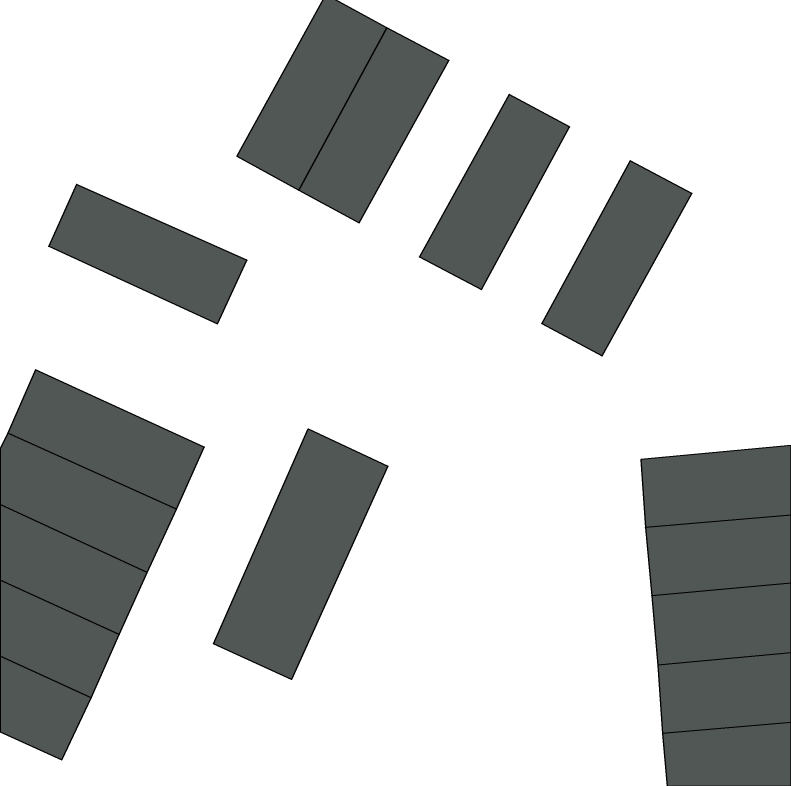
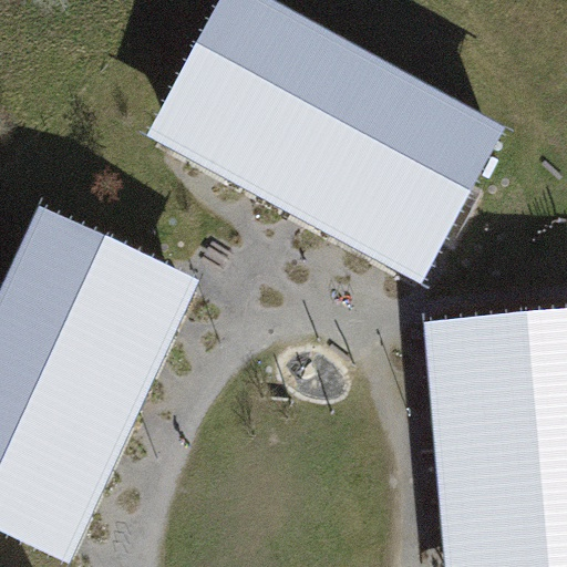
building: none -> [257,43,364,184]
building: none -> [344,91,451,231]
building: [49,184,247,324] -> [25,220,167,320]
building: [213,429,388,679] -> none

